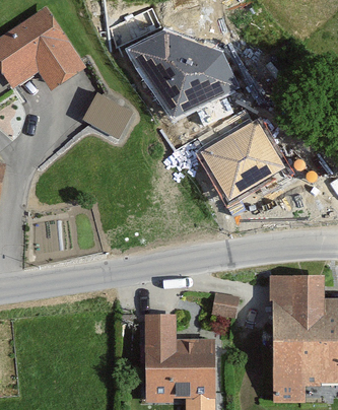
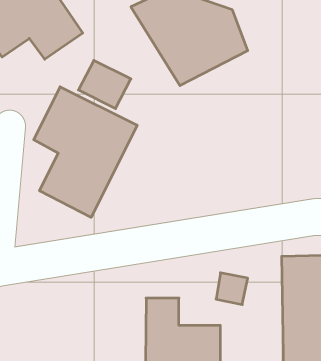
building: [203,117,285,196] -> none
building: none -> [34,87,137,217]

